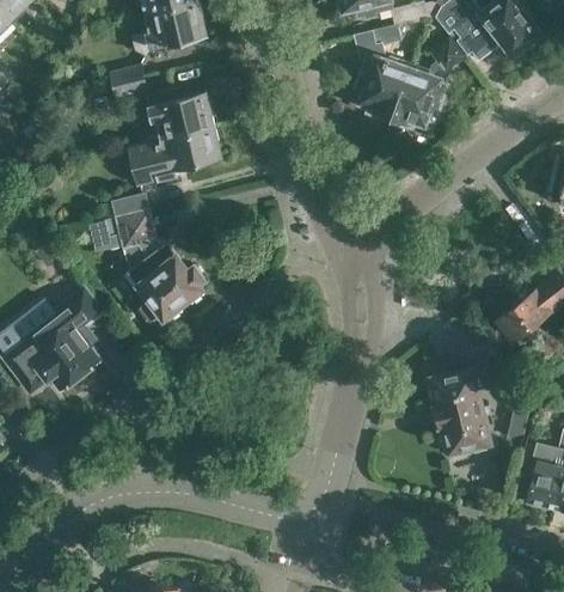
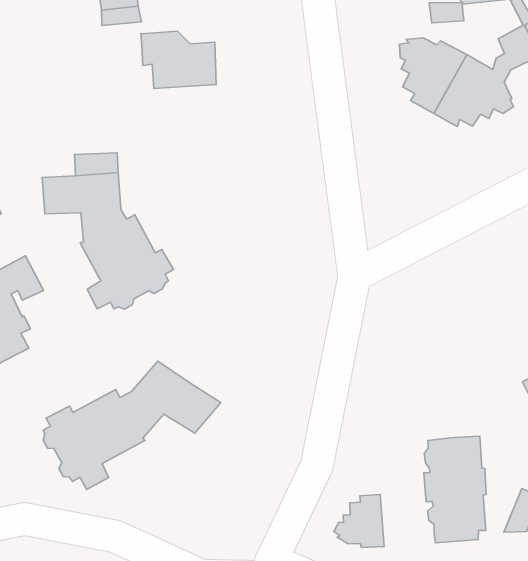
building: [129,127,220,185] -> none
building: none -> [43,361,221,490]
building: none -> [334,494,384,547]

